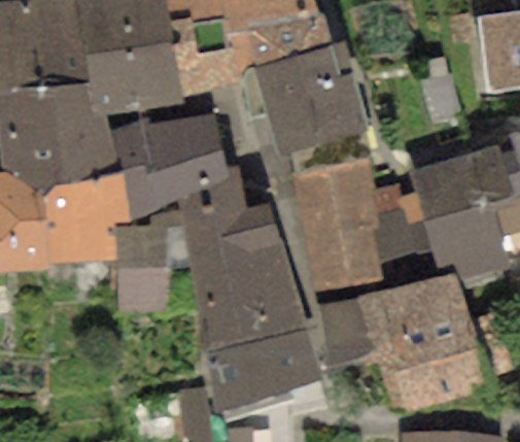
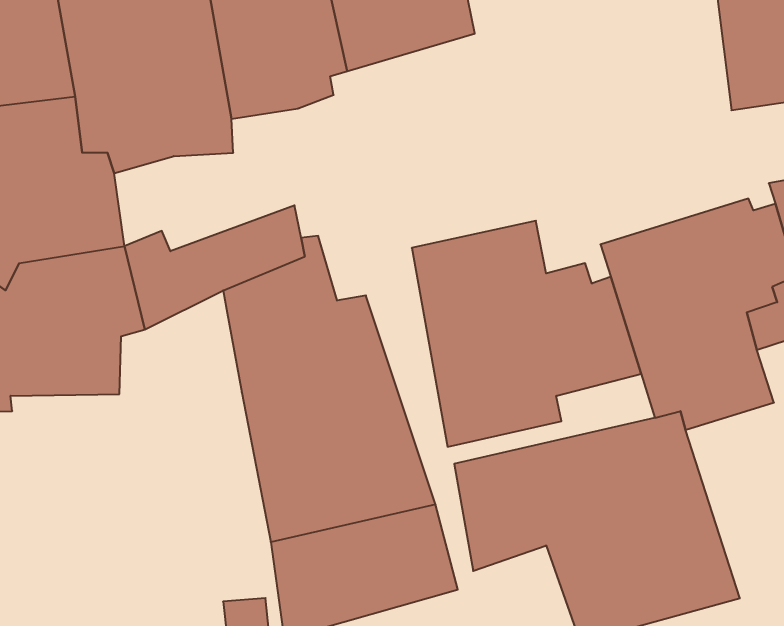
building: [253,42,371,174] -> none
building: [112,114,221,176] -> none
building: [115,211,189,312] -> none

